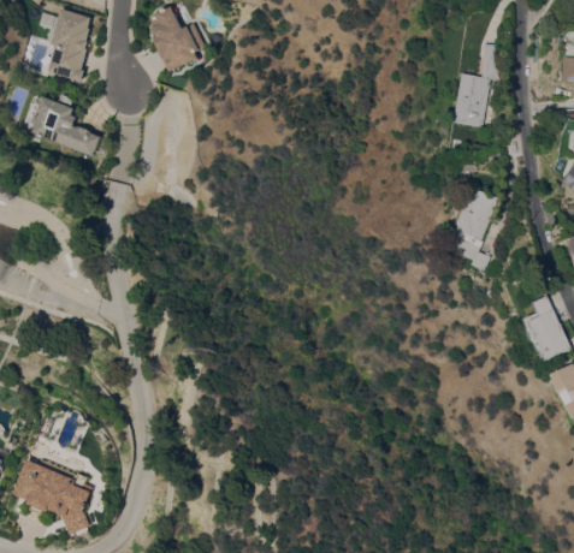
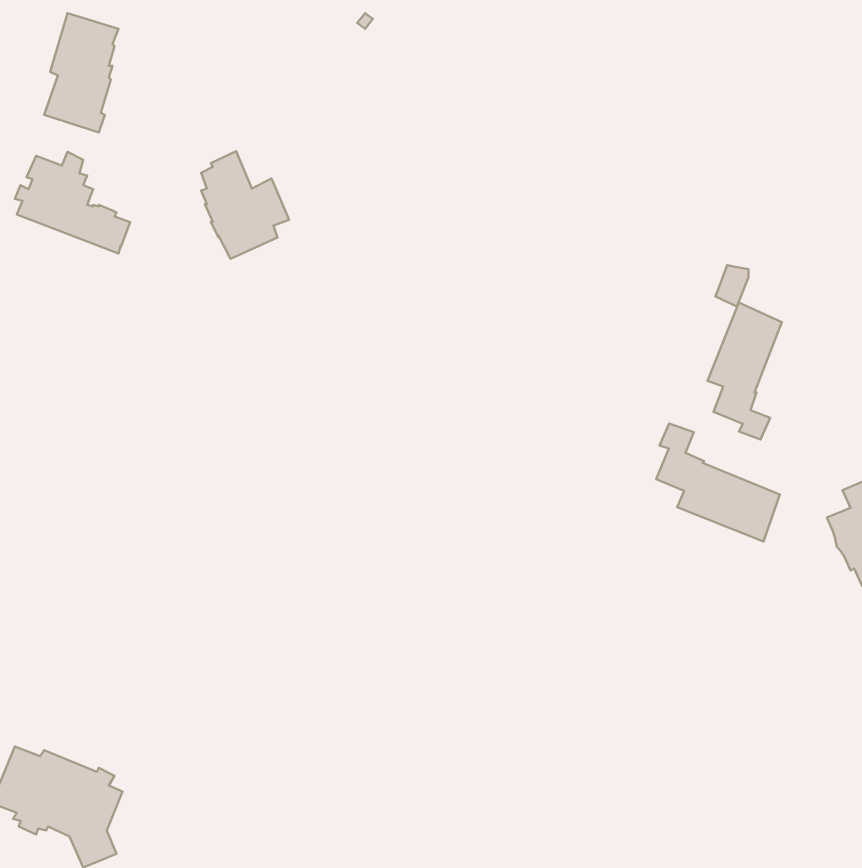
building: [147,6,201,72] -> [201,151,289,259]
building: [452,43,499,129] -> none
building: none -> [656,423,780,542]

